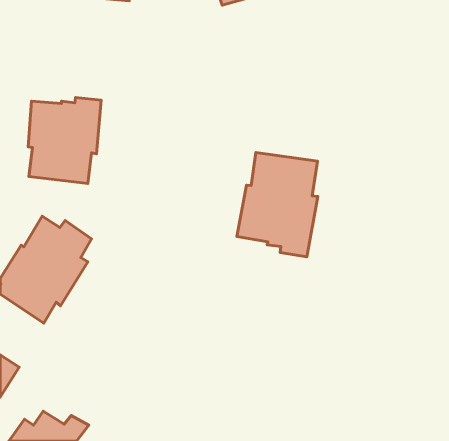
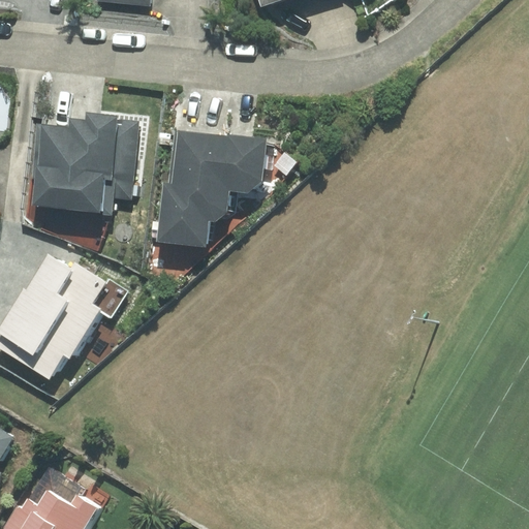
building: none -> [158,126,269,250]
building: [237,152,318,257] -> none

